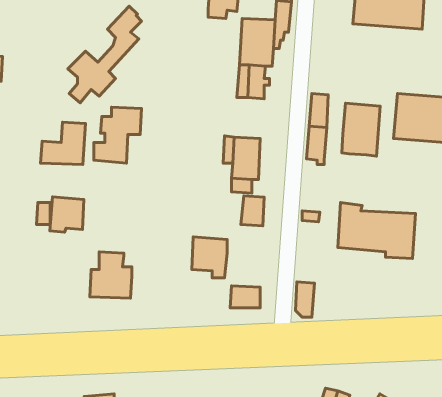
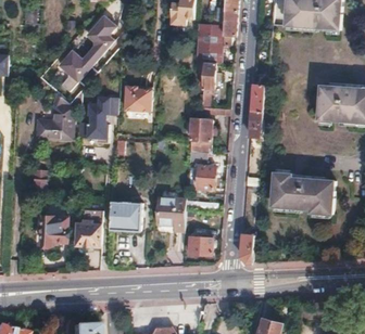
building: none -> [123,85,150,111]
building: [342,103,380,156] -> none
building: [50,197,84,232] -> [39,216,66,244]
building: none -> [109,201,140,230]

